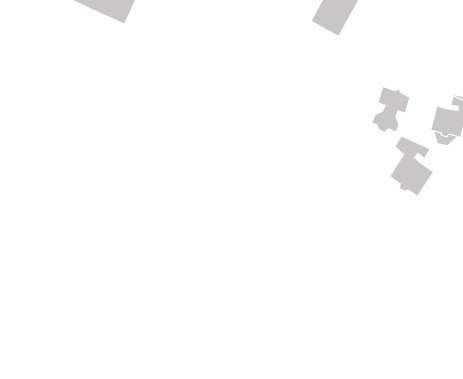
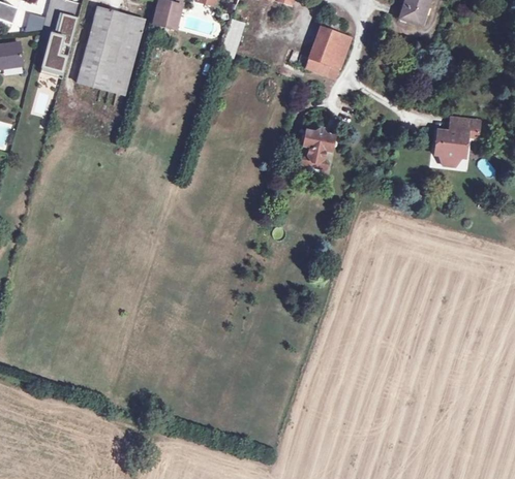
building: [371,87,410,132] -> [301,126,334,170]
building: [389,136,434,197] -> none

